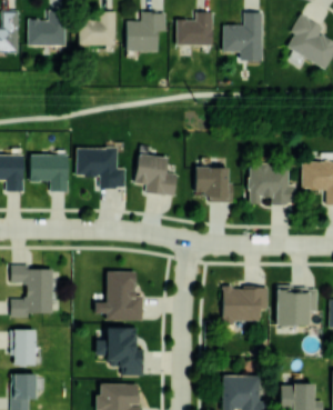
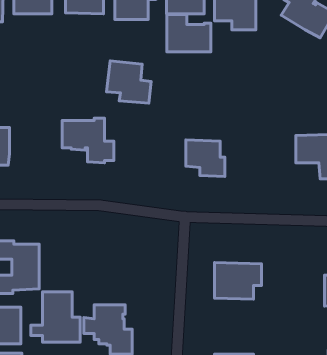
building: none -> [167,15,211,52]
building: [134,154,178,196] -> [107,61,151,103]
building: [30,156,69,192] -> none
building: [249,164,296,206] -> none
building: [95,271,143,320] -> [31,292,80,342]
building: [276,287,319,326] -> none

